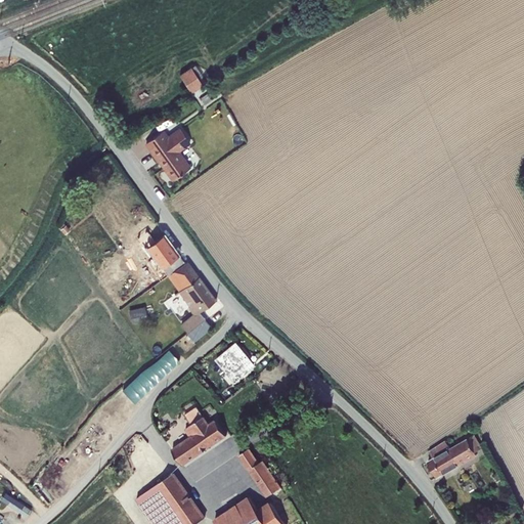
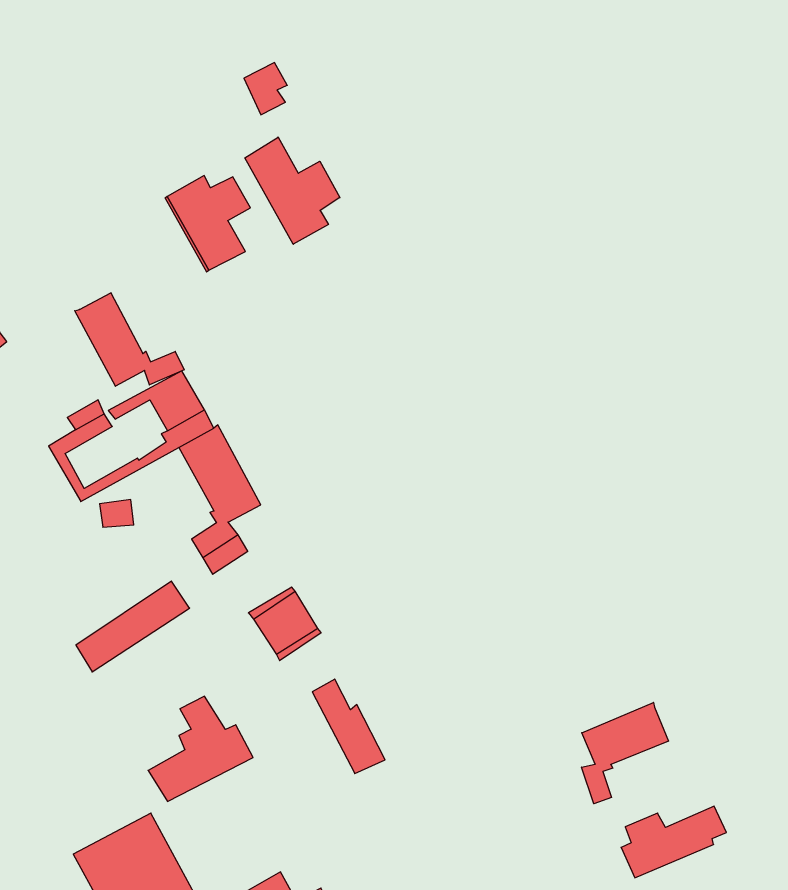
building: none -> [245,137,340,244]
building: none -> [75,293,184,386]
building: none -> [582,702,669,804]
building: [237,448,280,497] -> [312,679,385,774]

